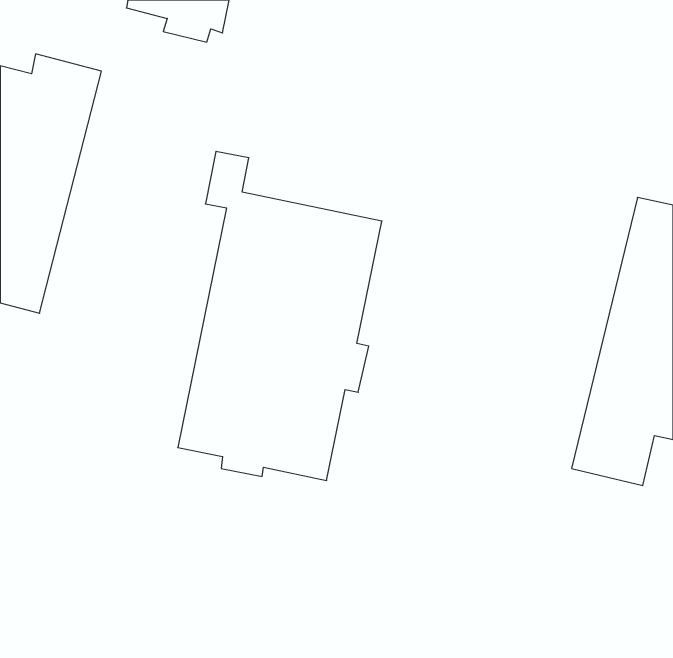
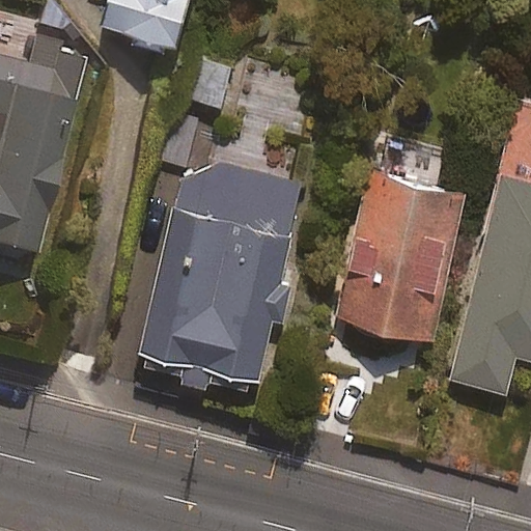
building: none -> [337,167,463,337]

